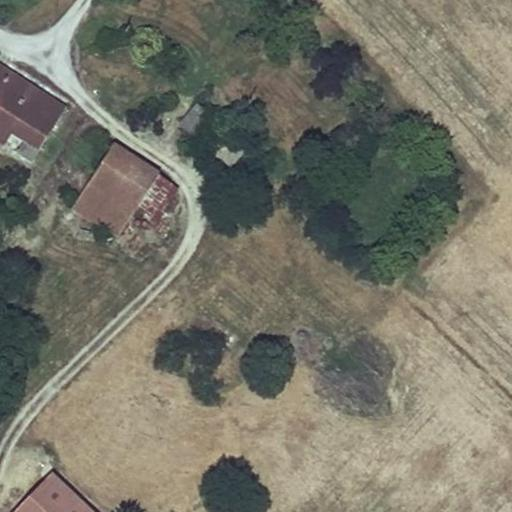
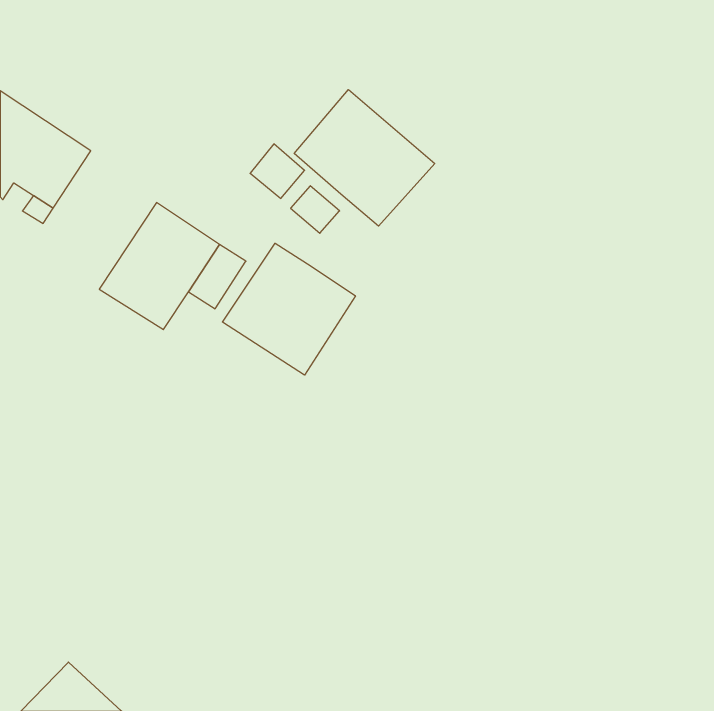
building: none -> [294,90,435,226]
building: none -> [222,243,355,375]

